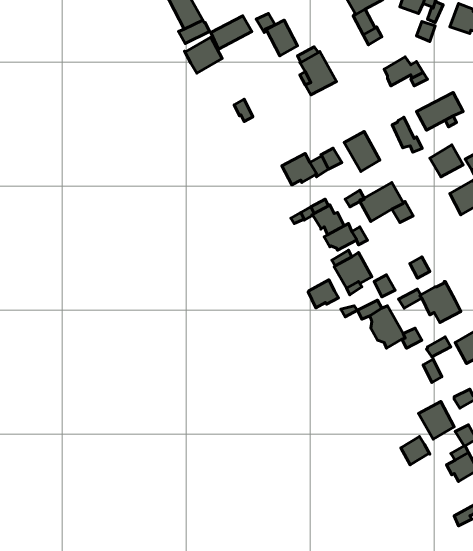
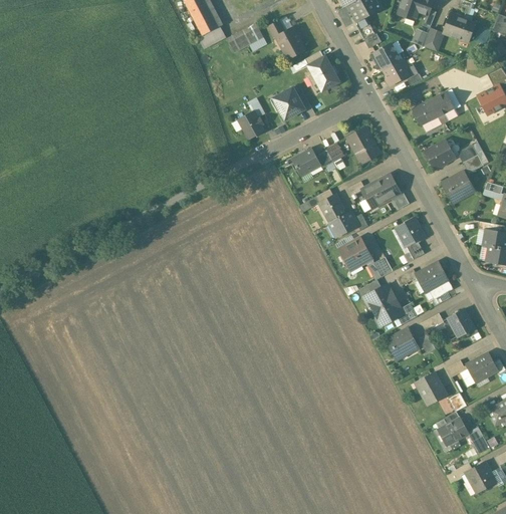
building: [184,37,222,73] -> none
building: none -> [372,45,403,72]
building: none -> [276,87,305,120]
building: none -> [239,112,264,139]
building: [392,117,422,152] -> none
building: none -> [400,218,425,247]
building: [308,280,339,308] -> none
building: none -> [387,328,419,359]
building: [401,436,430,465] -> none

